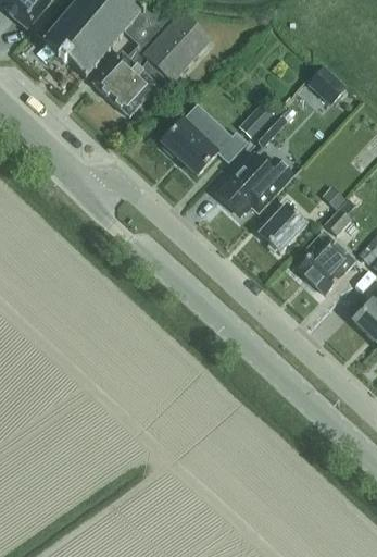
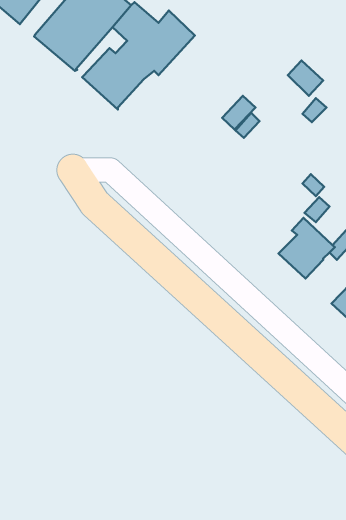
building: [162,102,248,174] -> none
building: [217,152,294,214] -> none
building: [260,202,307,250] -> none

